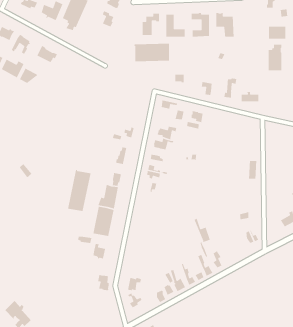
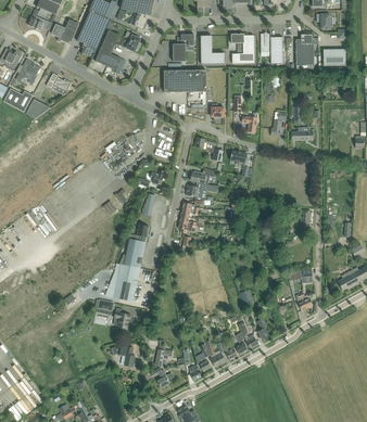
building: none -> [96,29,122,69]
building: [268,44,282,71] -> [296,33,314,65]
building: [67,169,91,212] -> none

